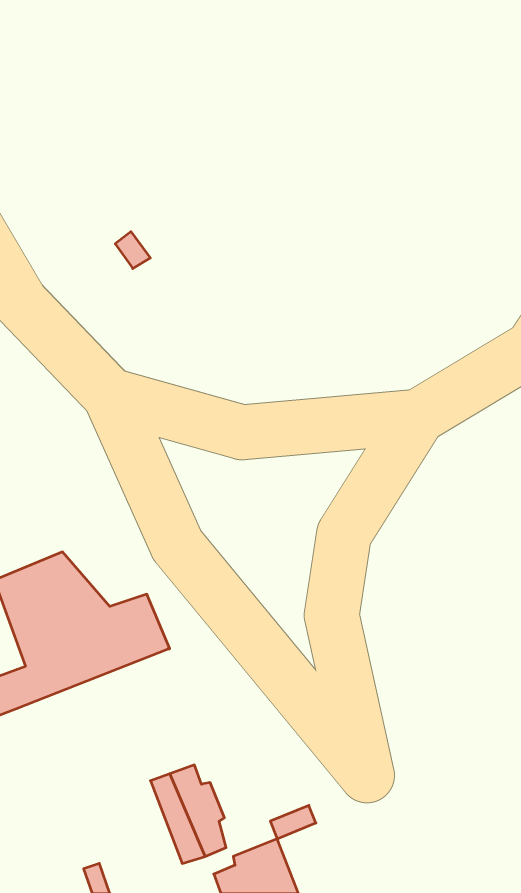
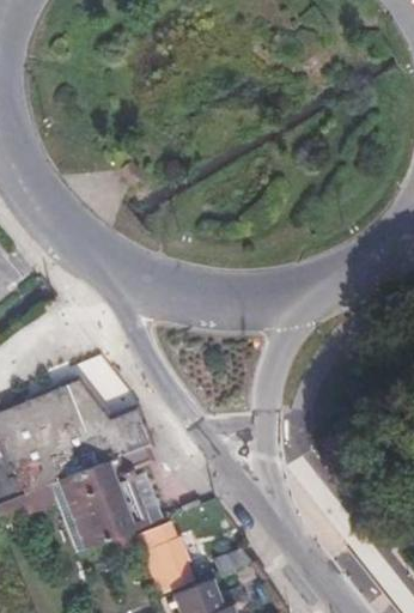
building: none -> [47,444,154,551]

